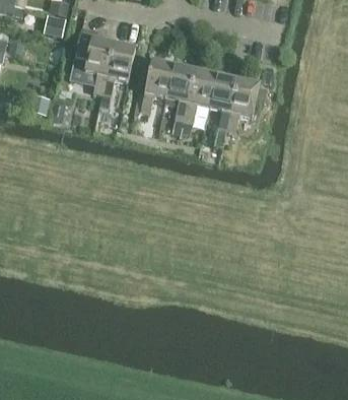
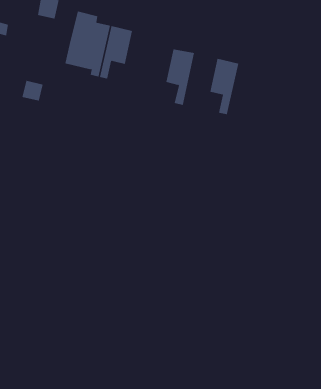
building: [140,59,173,111] -> none
building: [184,68,216,121] -> none
building: [226,78,260,130] -> none

